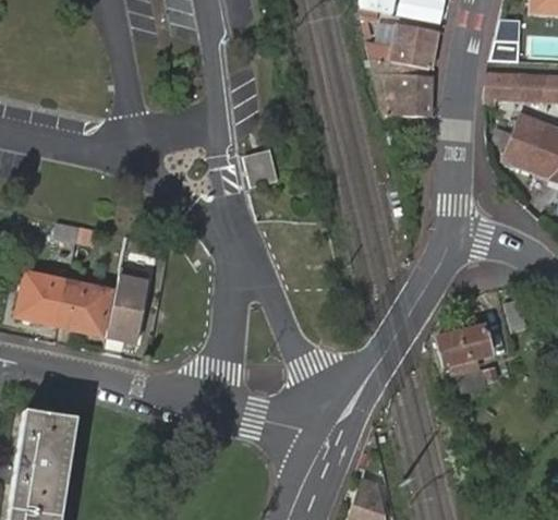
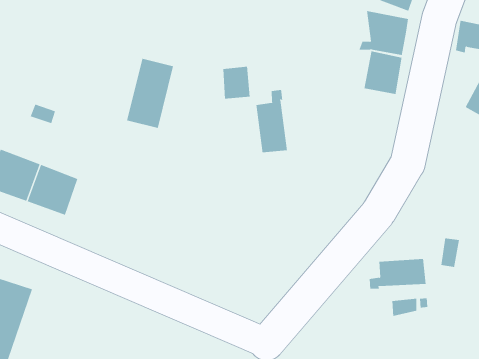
building: none -> [364,51,402,95]
building: none -> [256,89,288,153]
building: [114,268,156,339] -> [126,58,174,128]

